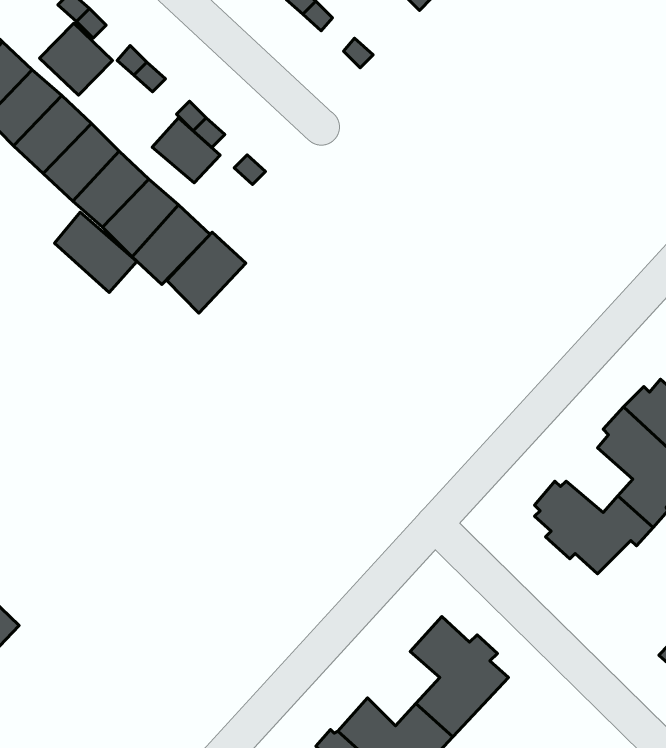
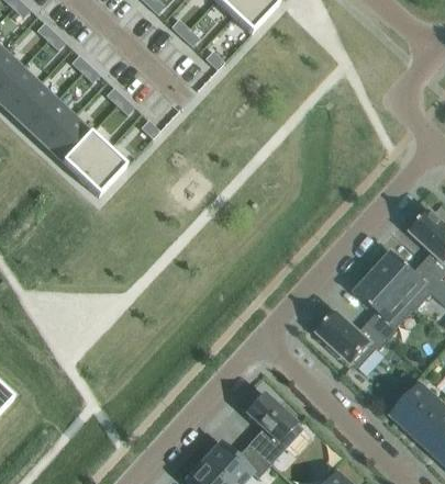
building: [40,23,113,95] -> none
building: [152,118,220,183] -> none
building: [54,212,137,292] -> none
building: [167,232,246,313] -> none

